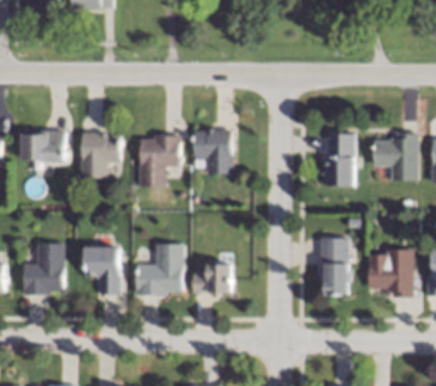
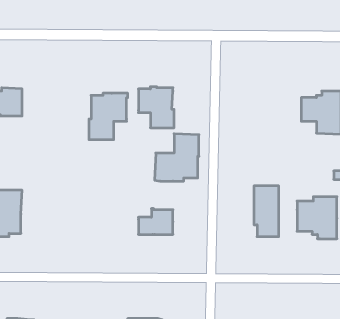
building: [80,131,119,177] -> none
building: [324,133,355,186] -> none
building: [135,243,184,295] -> [155,134,199,181]
building: [85,246,119,293] -> none

